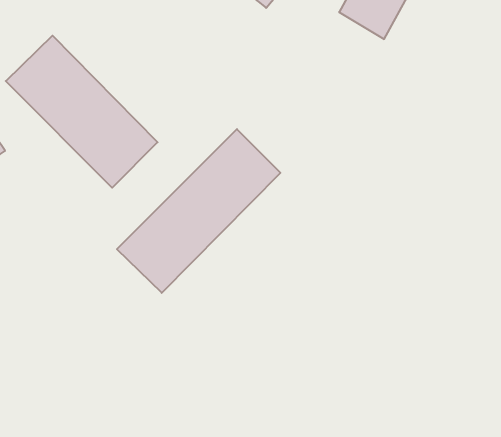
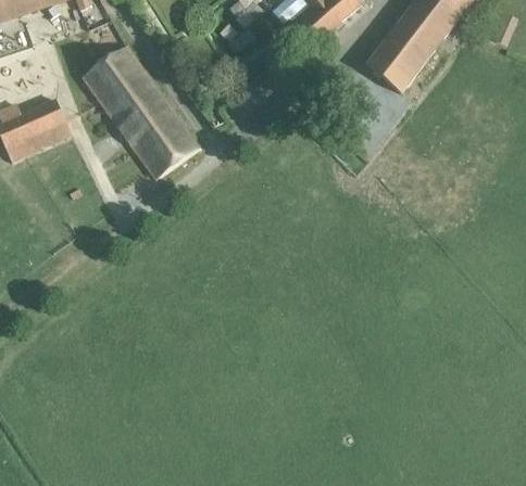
building: [117,129,280,293] -> none

